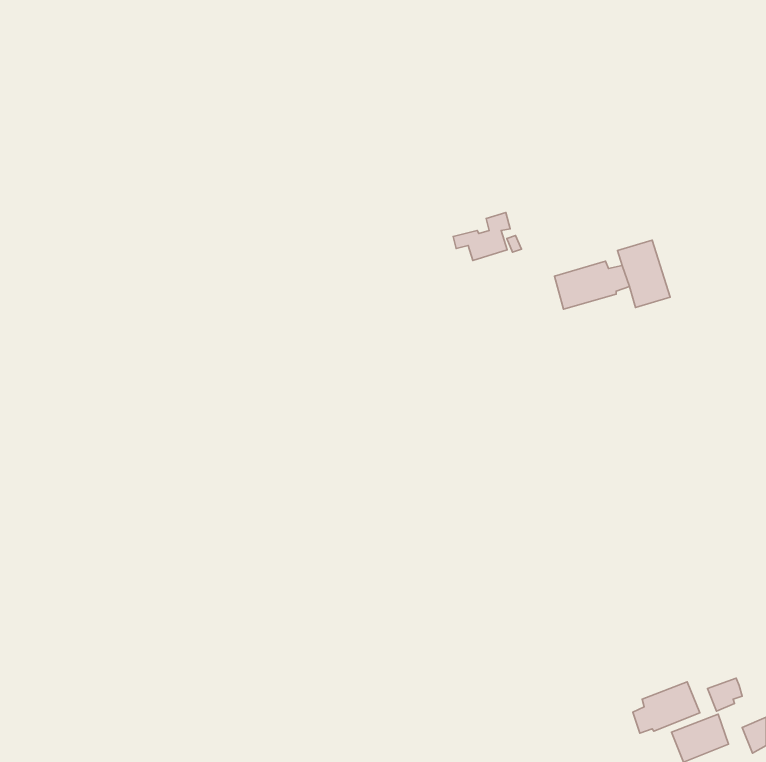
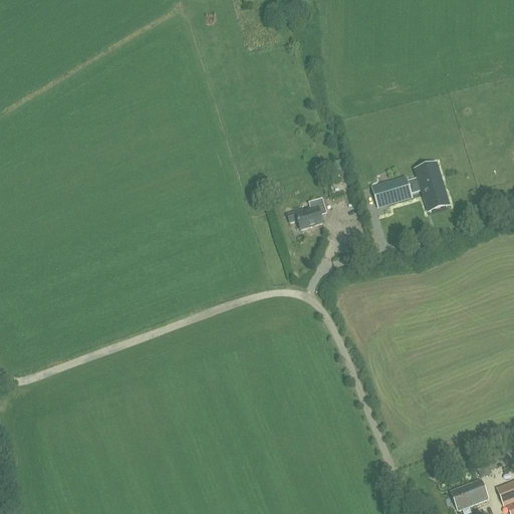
building: [453,212,510,260] -> [287,197,325,229]
building: [633,682,700,733] -> none

